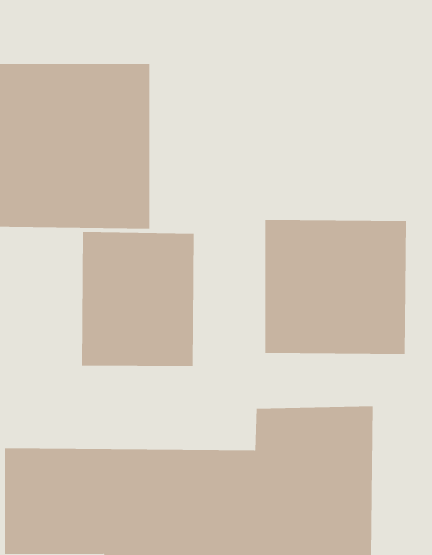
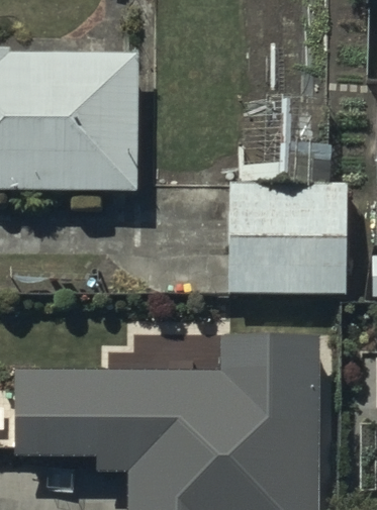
building: [81,231,194,367] -> none

